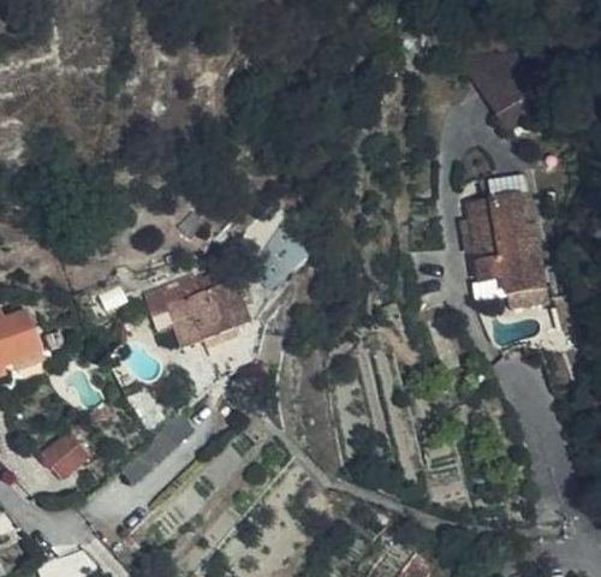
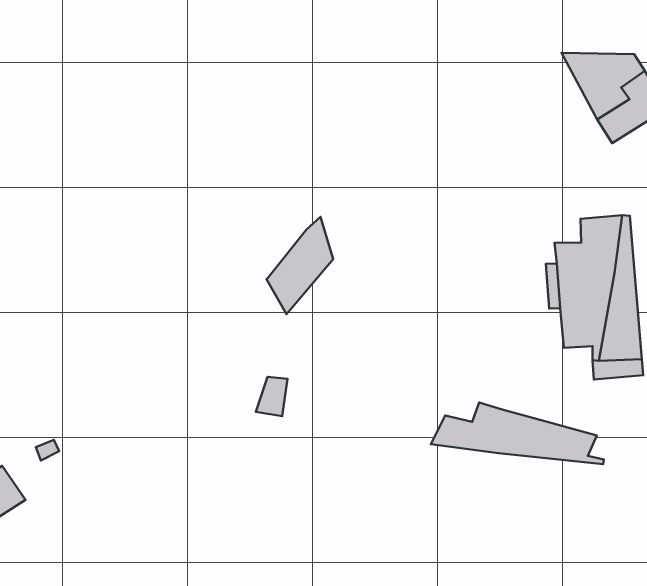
building: [142,268,245,346] -> none
building: none -> [431,403,604,464]

